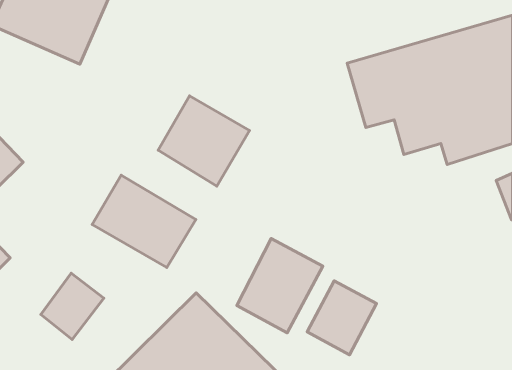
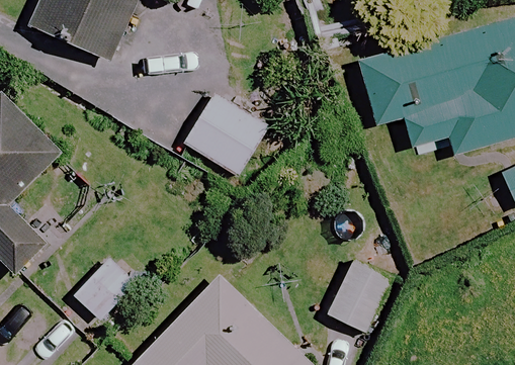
building: [92,175,196,267] -> none
building: [237,239,323,333] -> none

